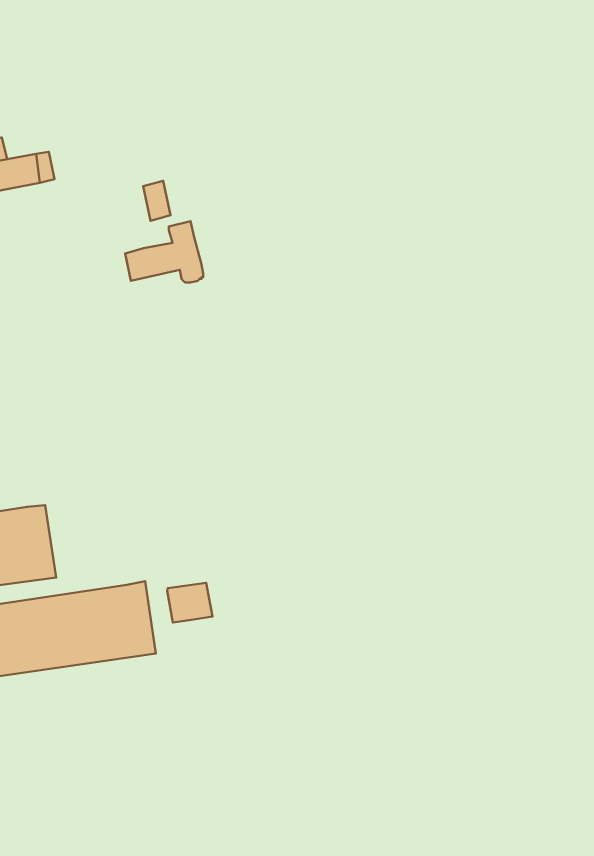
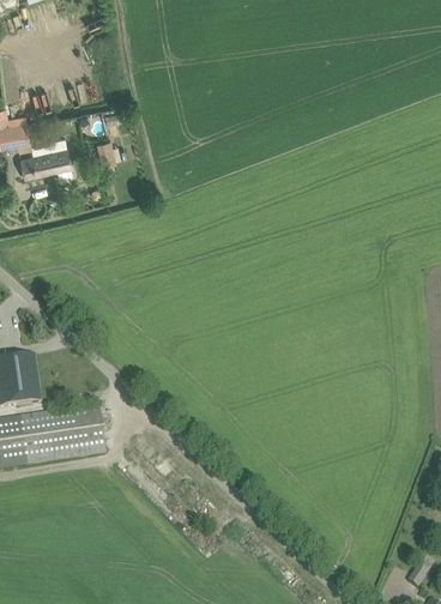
building: [125,221,203,283] -> [20,137,72,177]
building: [167,583,213,623] -> none

